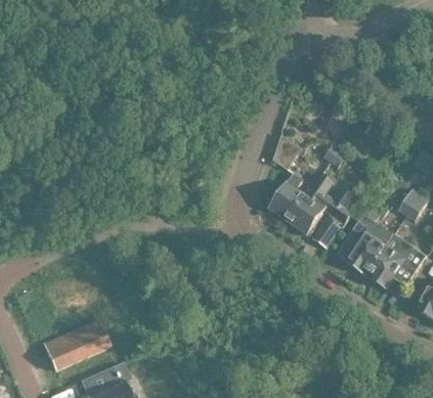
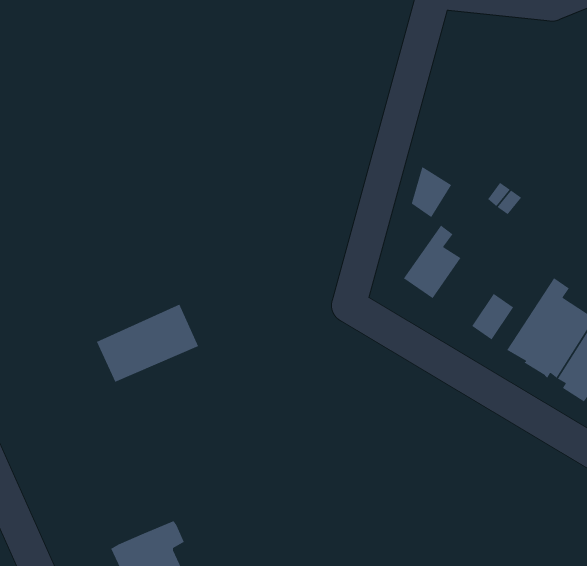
building: [289,172,348,233] -> none
building: [43,319,110,370] -> [96,303,199,383]

